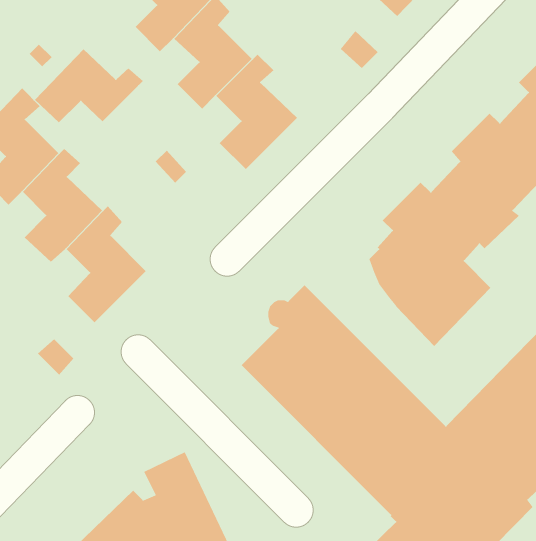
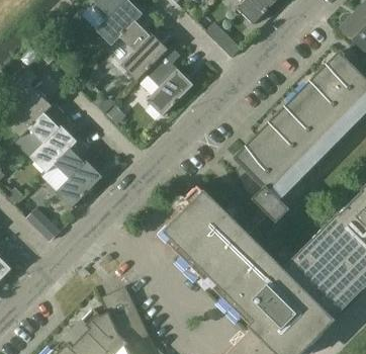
building: [34,48,144,123] -> none

